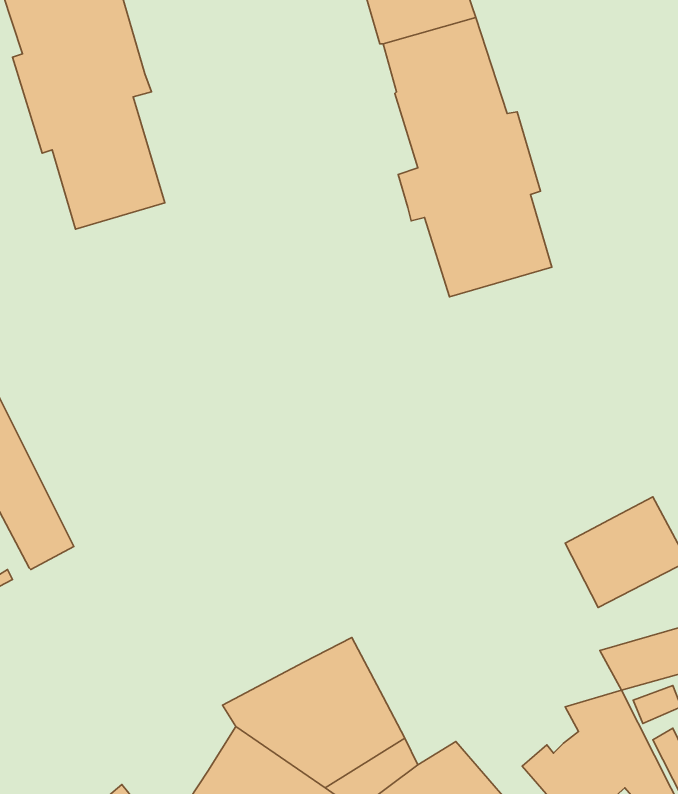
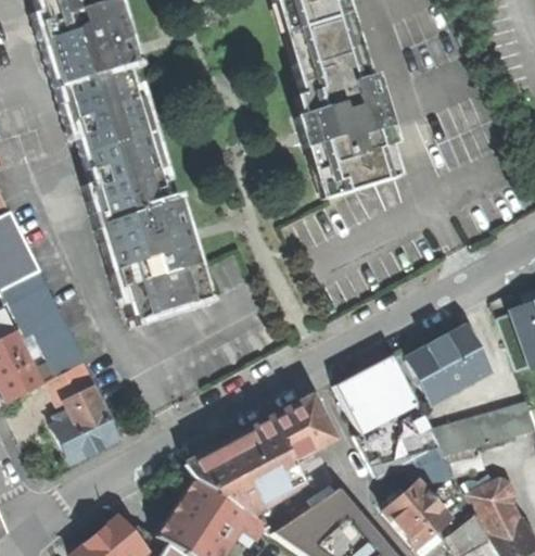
building: none -> [88,134,208,315]
building: none -> [335,354,446,476]
building: none -> [55,361,119,463]
building: none -> [269,397,333,459]

